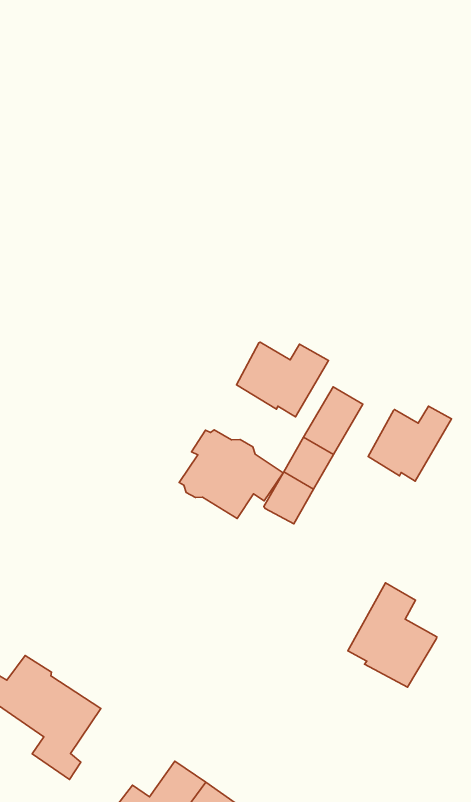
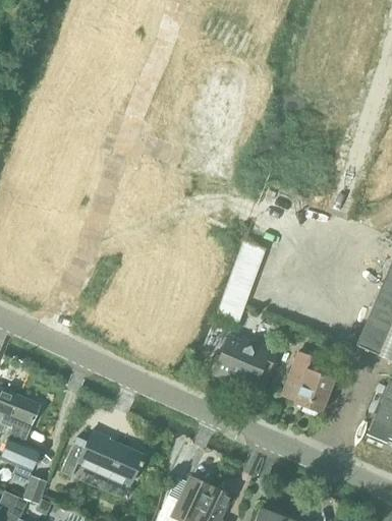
building: [237,342,329,417] -> none
building: [368,406,452,481] -> none
building: [179,430,283,519] -> [216,336,276,386]

